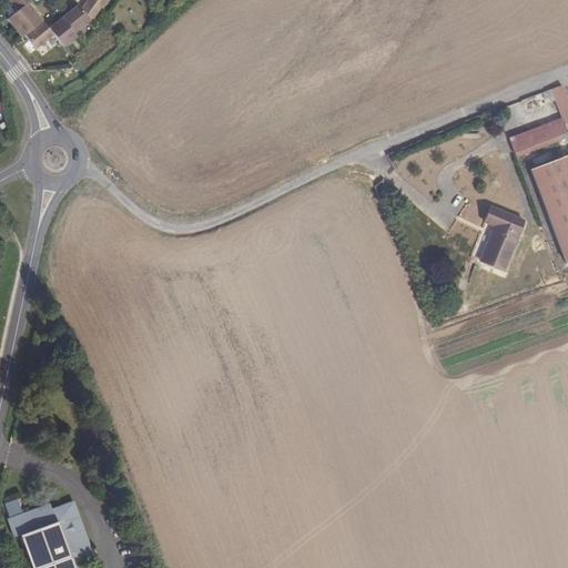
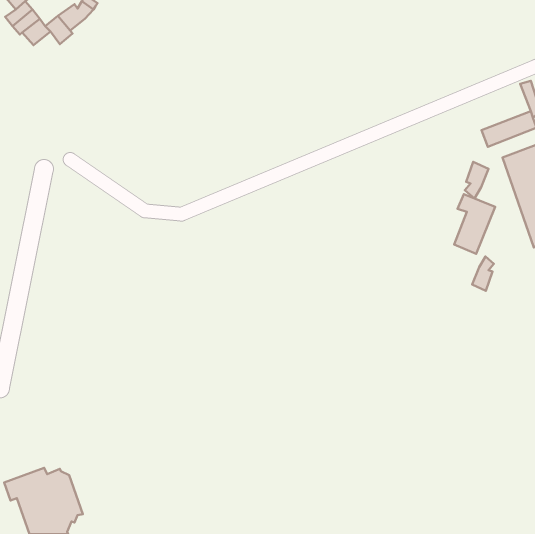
building: none -> [465,162,488,198]
building: none -> [472,256,494,291]

